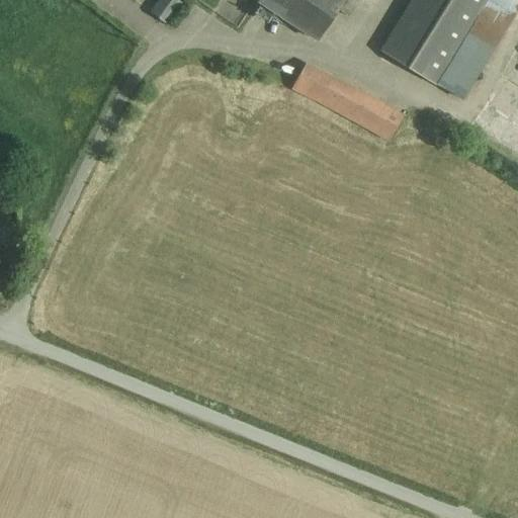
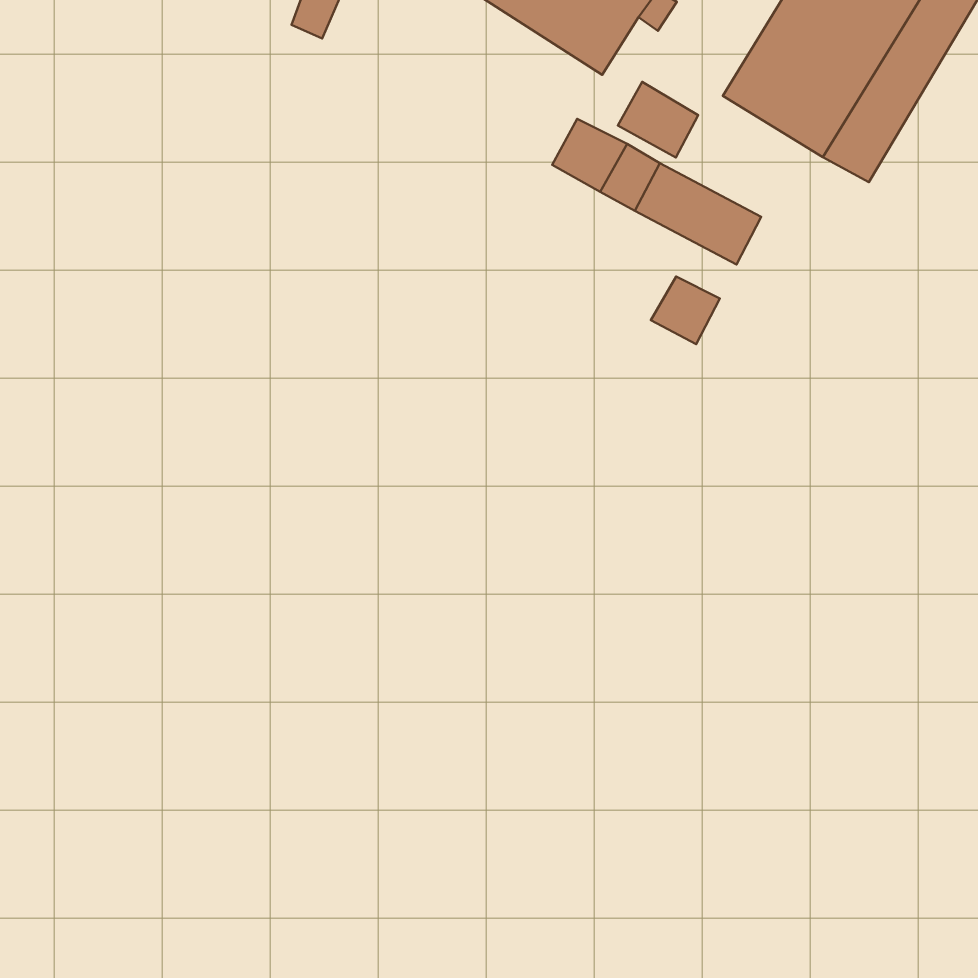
building: none -> [618,82,698,158]
building: none -> [651,277,720,344]

